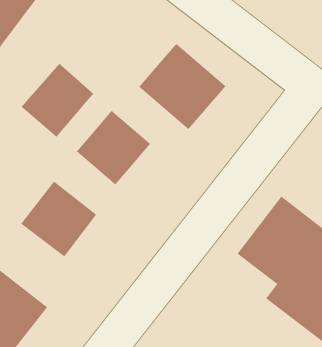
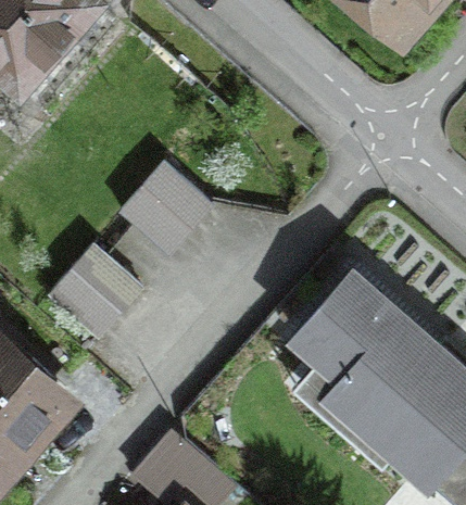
building: [138,43,227,130] -> none
building: [21,63,94,138] -> none

